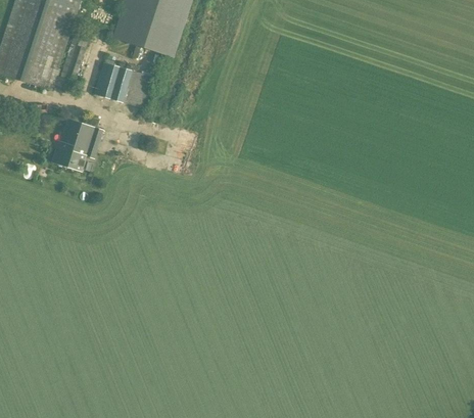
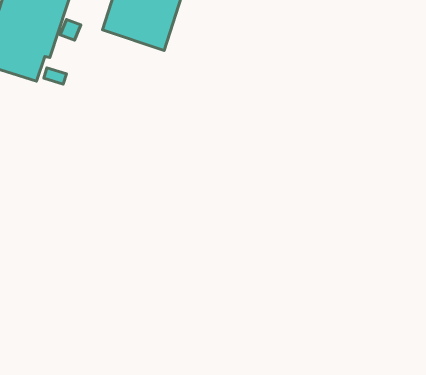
building: [92,60,150,107] -> none
building: [49,114,101,171] -> none

